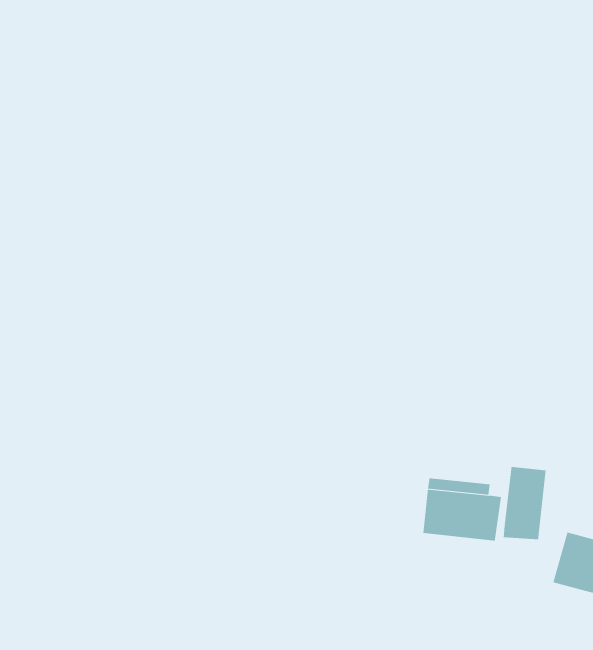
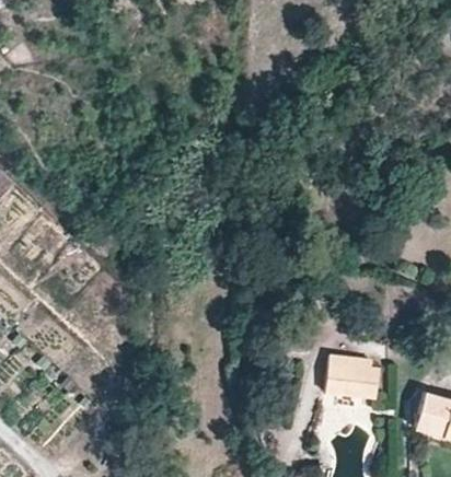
building: [503,466,546,540] -> none

